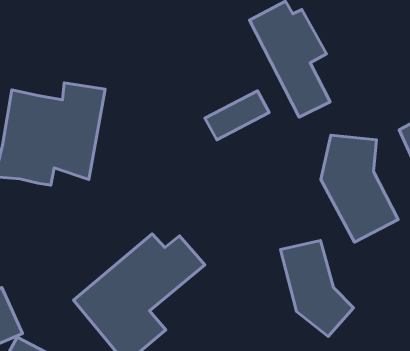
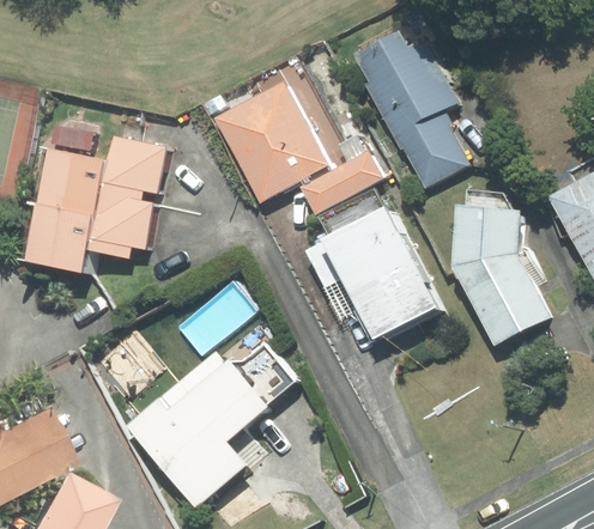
building: none -> [216,83,328,201]
building: none -> [322,189,442,336]
building: [281,241,353,336] -> none

